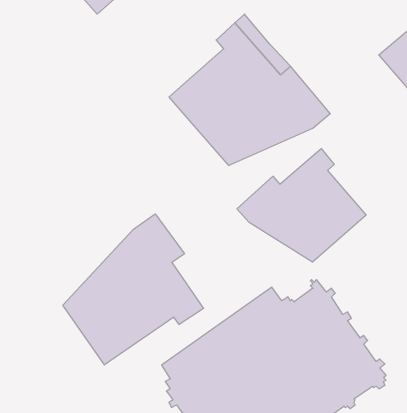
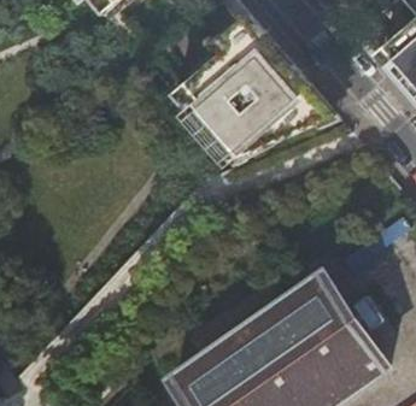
building: [237,149,366,262] -> none
building: [63,214,204,365] -> none

